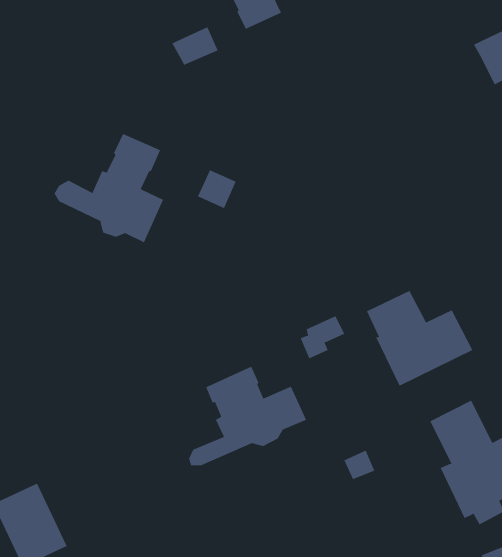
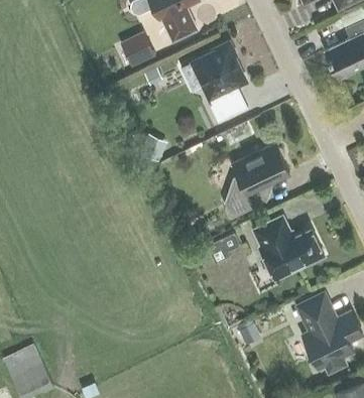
building: none -> [192,42,248,122]
building: [54,133,164,243] -> none
building: none -> [224,143,289,219]
building: [189,366,307,466] -> none

